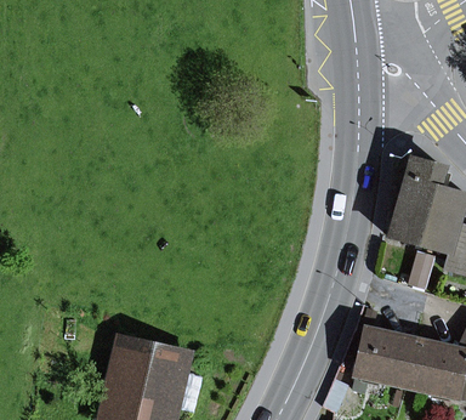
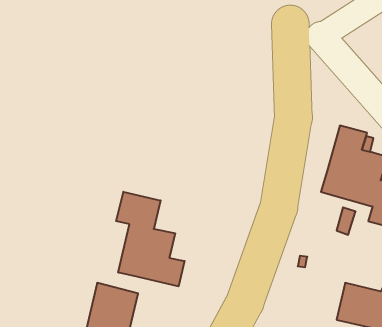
building: none -> [116,192,185,286]
building: [356,329,416,382] -> none

